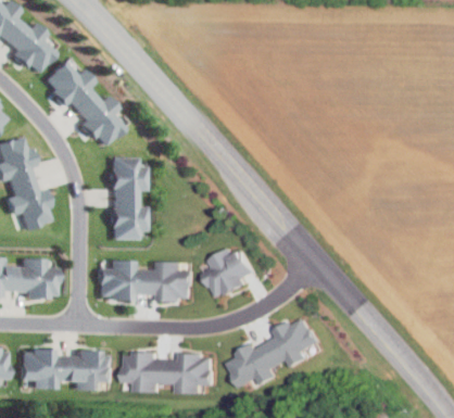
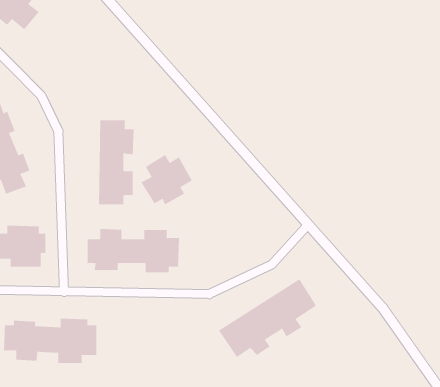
building: [49,61,125,144] -> none
building: [203,249,253,297] -> [141,154,193,205]
building: [121,350,214,394] -> none

